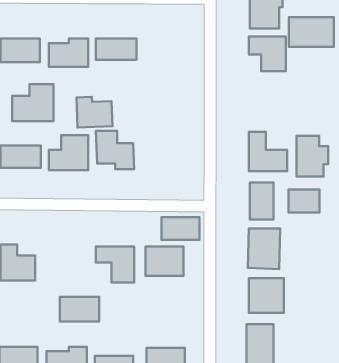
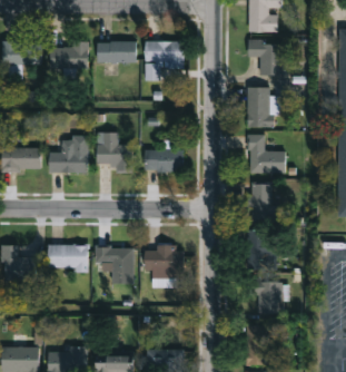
building: [289,17,334,47] -> none
building: none -> [139,43,179,84]
building: [12,84,54,121] -> none
building: [76,97,112,127] -> none
building: [297,136,328,176] -> [247,88,278,128]
building: [289,189,319,212] -> none
building: [161,217,200,240] -> [145,150,182,173]
building: [60,297,99,322] -> [48,246,87,271]

